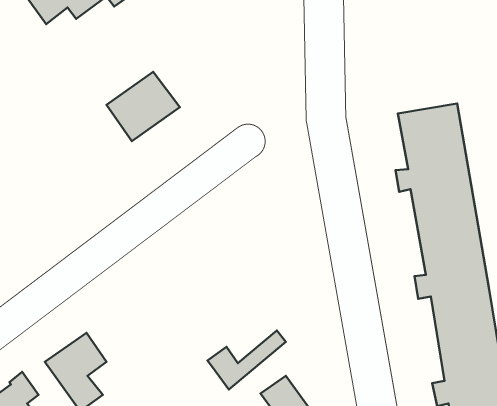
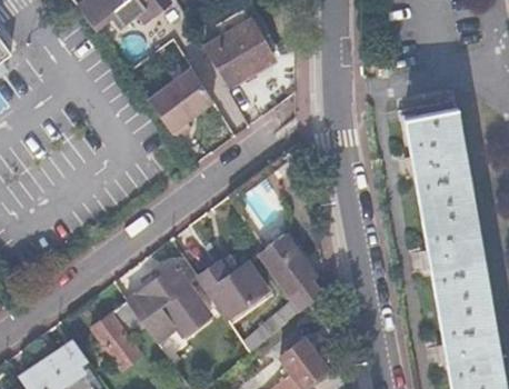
building: none -> [204,22,272,89]
building: none -> [262,233,322,309]
building: none -> [197,257,272,315]
building: none -> [129,266,212,341]

